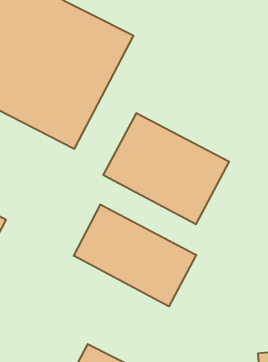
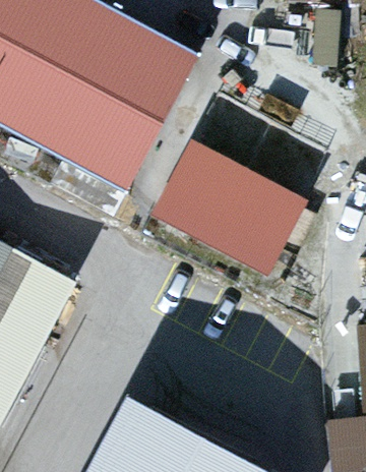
building: [74,204,196,306] -> none

